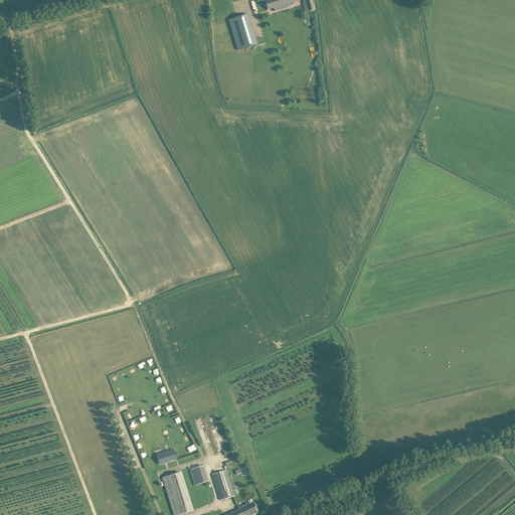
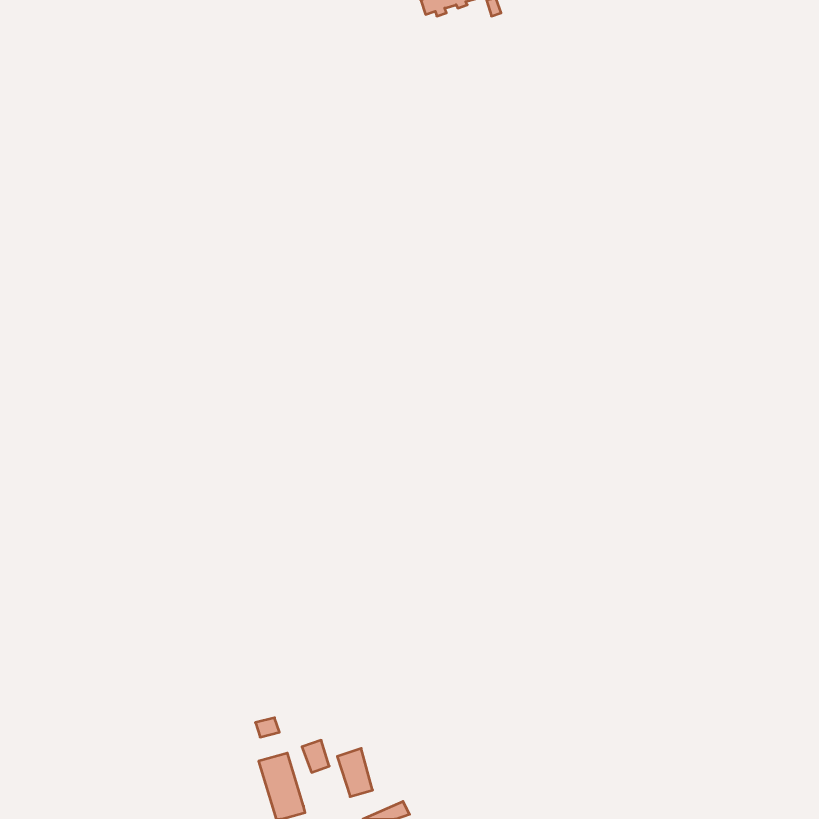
building: [227,13,256,49] -> none

